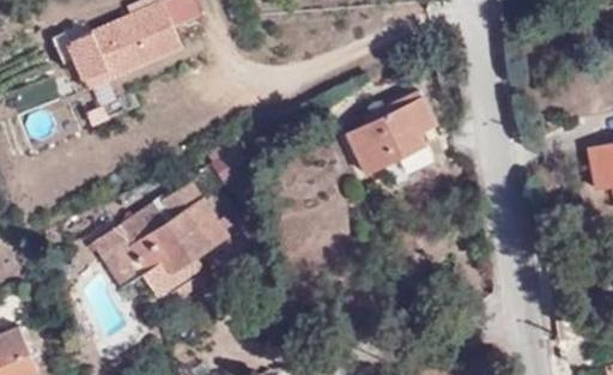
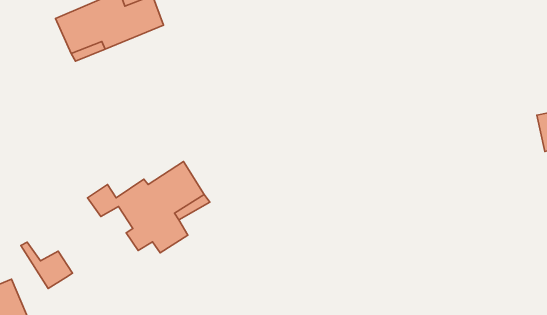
building: [347,89,433,171] -> none
building: [92,235,148,285] -> [21,242,72,288]

